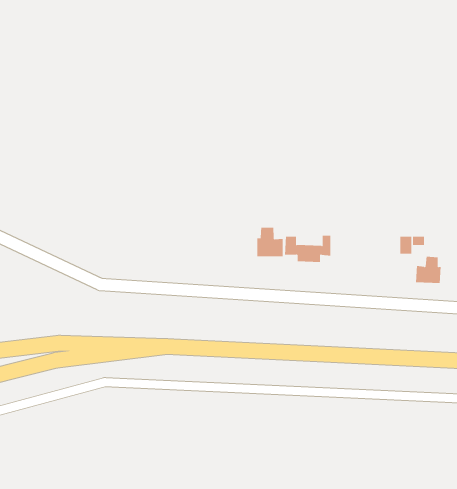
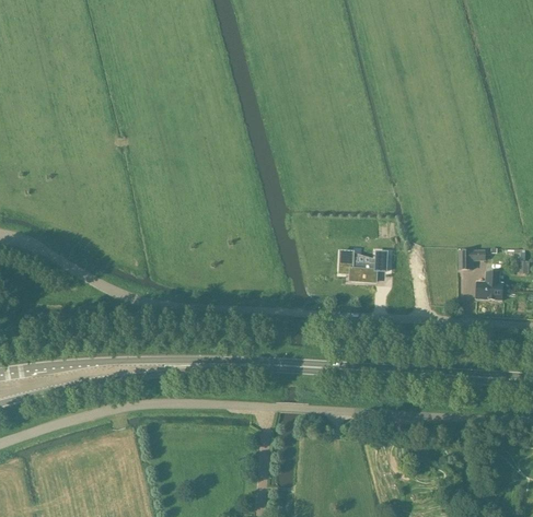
building: [257,227,283,257] -> none

